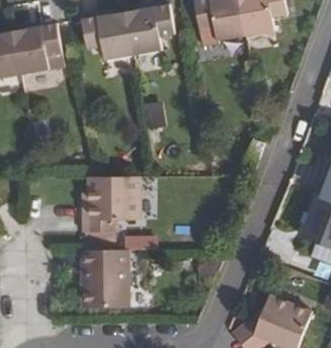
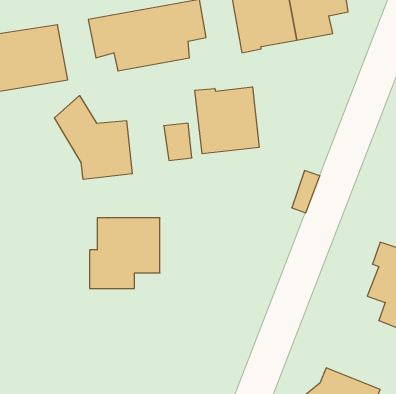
building: none -> [195,87,259,154]
building: none -> [54,96,132,179]
building: [81,249,129,308] -> none

